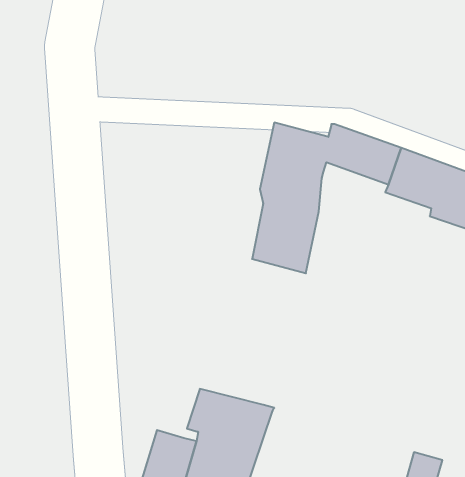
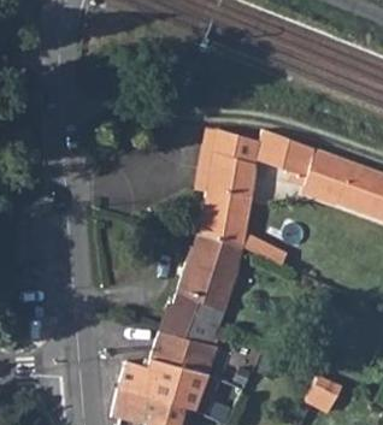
building: none -> [160,232,241,343]

